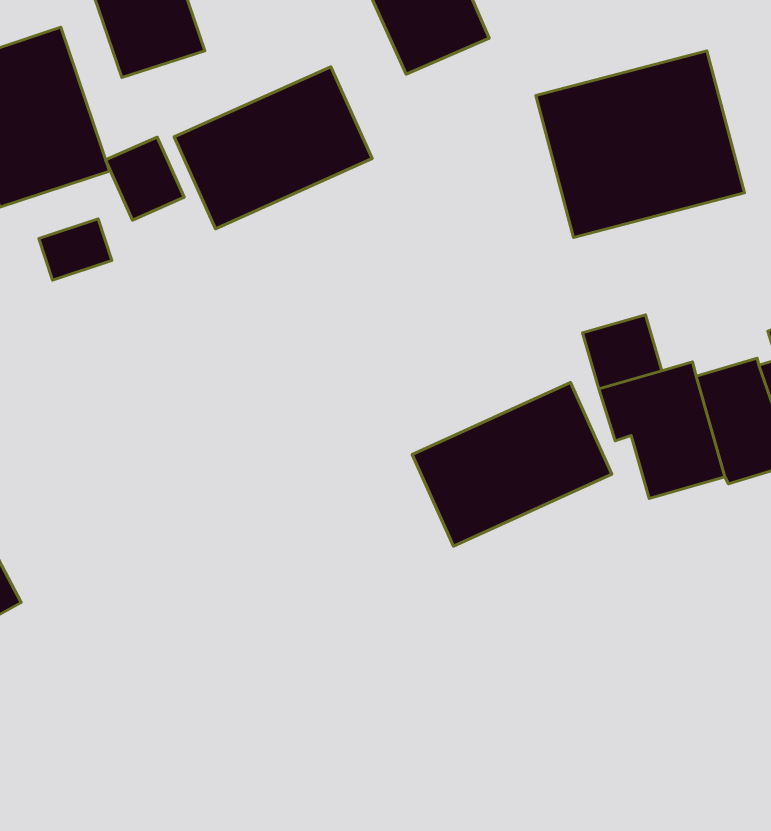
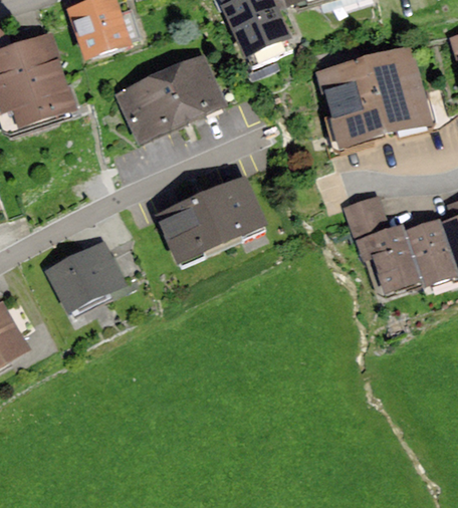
building: [106,137,184,220] -> none
building: [39,219,112,280] -> none
building: [412,382,612,546] -> [156,174,267,265]
building: none -> [46,237,128,311]

